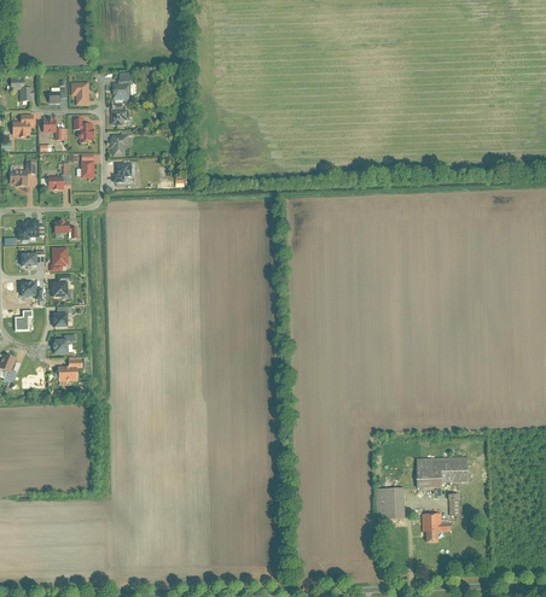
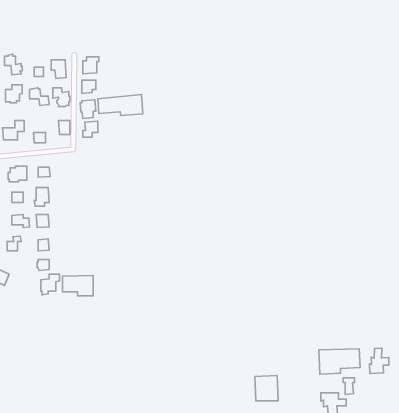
building: none -> [98,95,143,116]
building: none -> [62,276,93,296]
building: none -> [369,348,389,373]
building: [377,486,407,519] -> [255,376,278,401]

